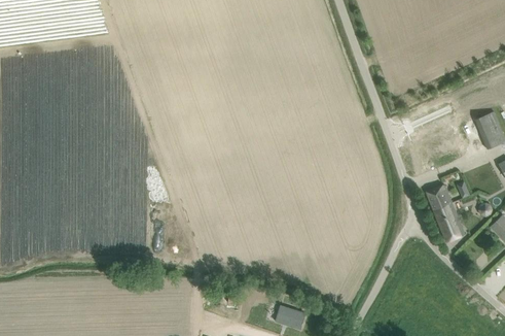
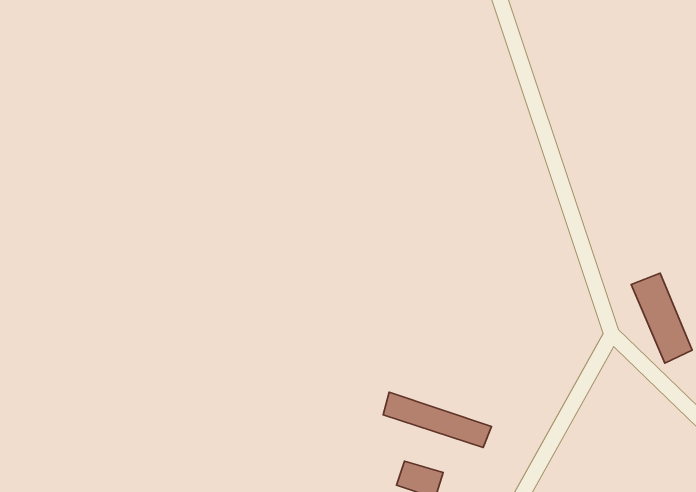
building: none -> [383,392,492,448]

